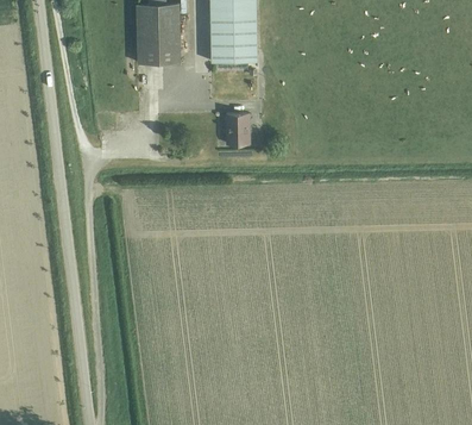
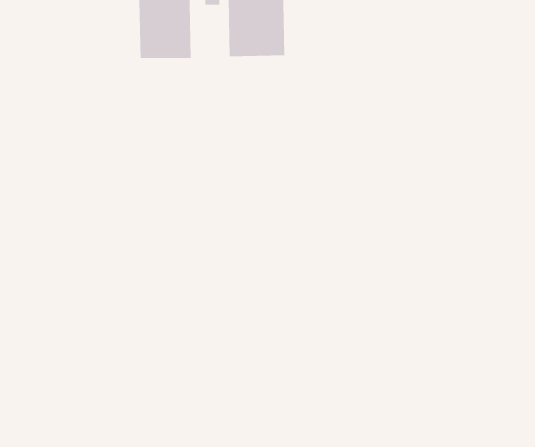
building: [226,114,248,145] -> none

